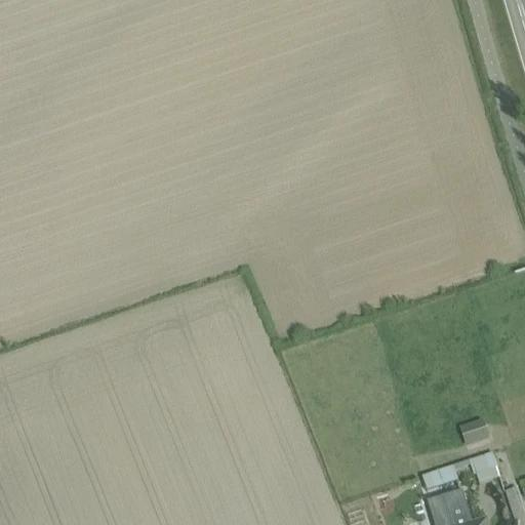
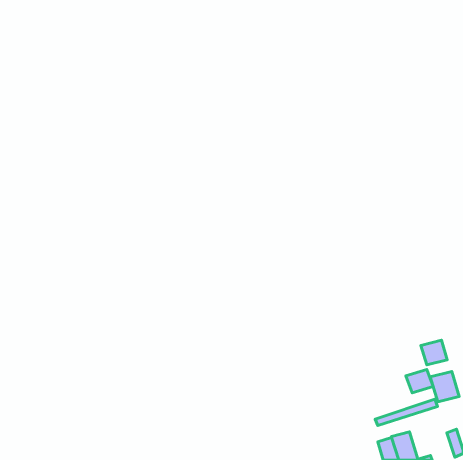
building: none -> [421,340,447,365]
building: none -> [430,372,459,402]

